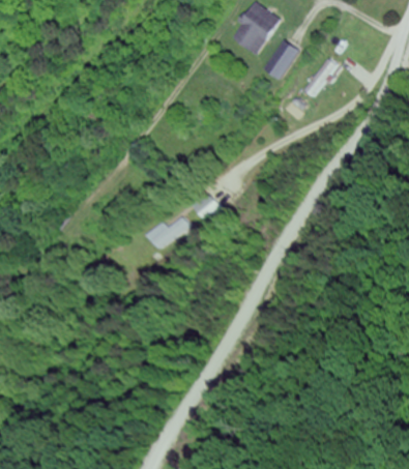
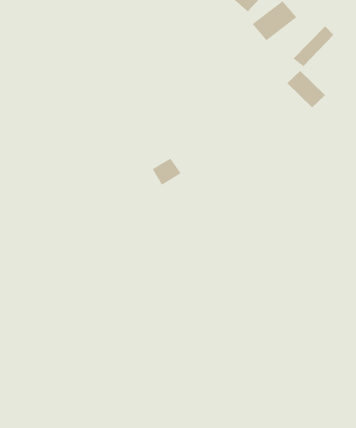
building: none -> [286,70,326,108]
building: [143,216,182,247] -> none

